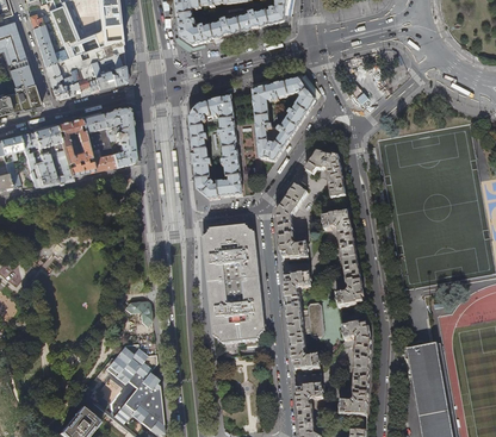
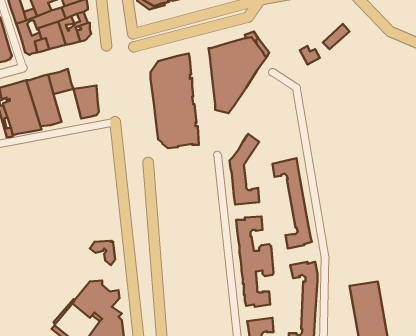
building: [99,107,130,133] -> none
building: [83,135,113,170] -> none
building: [303,151,345,198] -> none
building: [202,224,265,356] -> none

